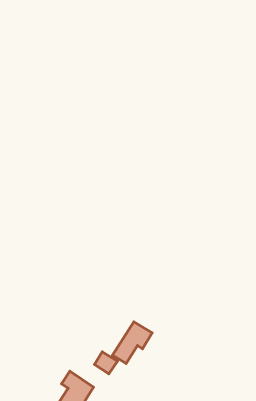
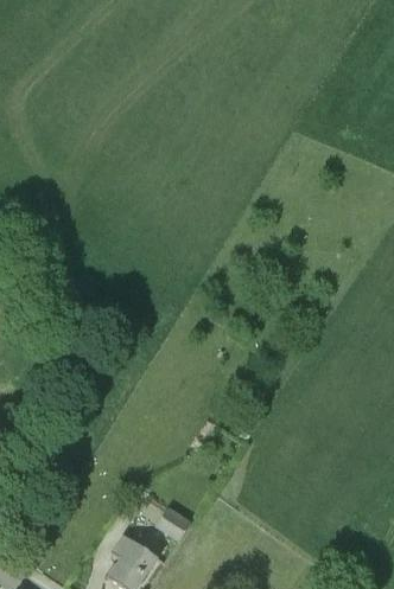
building: [112,322,152,364] -> none

